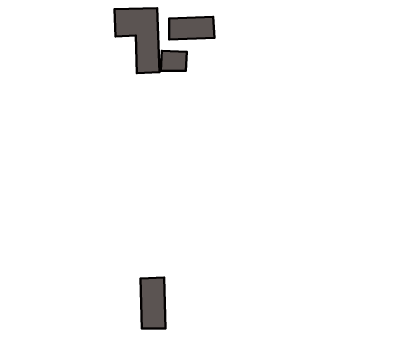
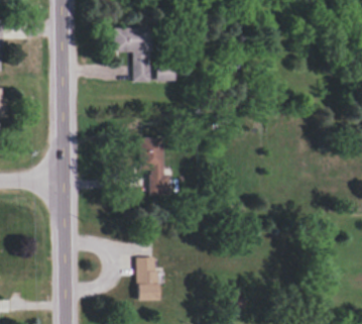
building: [169,17,215,40] -> none
building: none -> [140,137,170,196]

